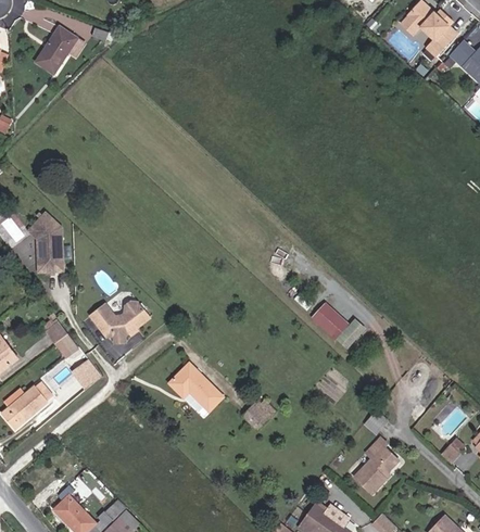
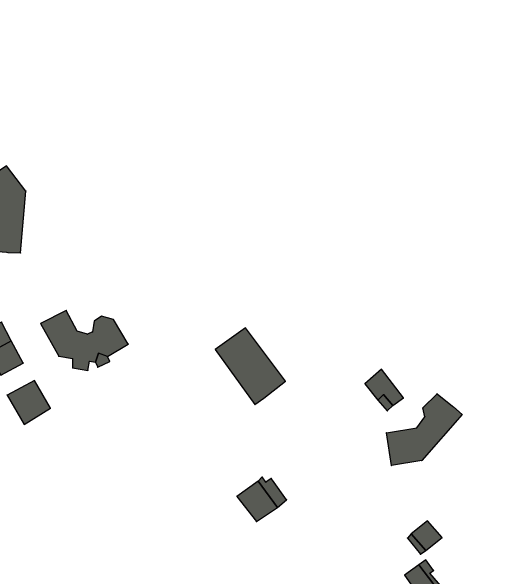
building: none -> [386,394,462,466]
building: [169,364,222,416] -> [215,328,285,405]

